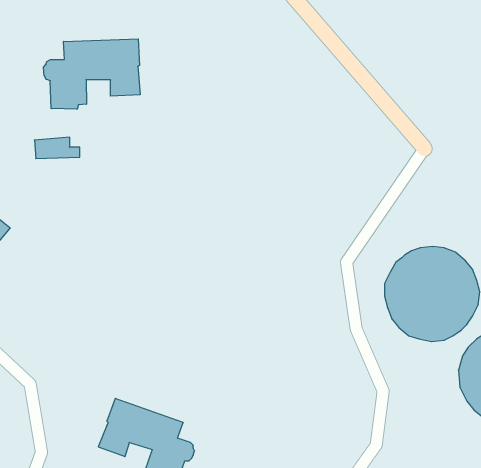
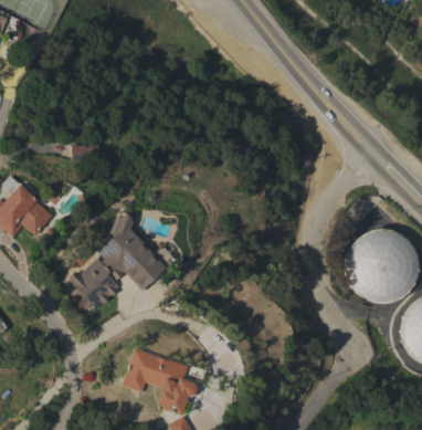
building: [44,39,140,109] -> none
building: none -> [70,214,175,308]

